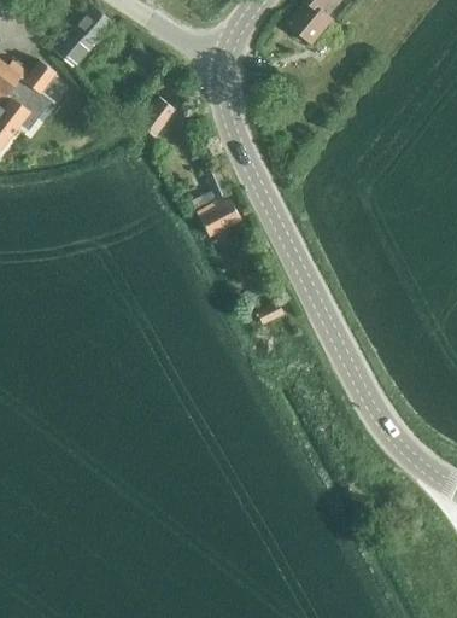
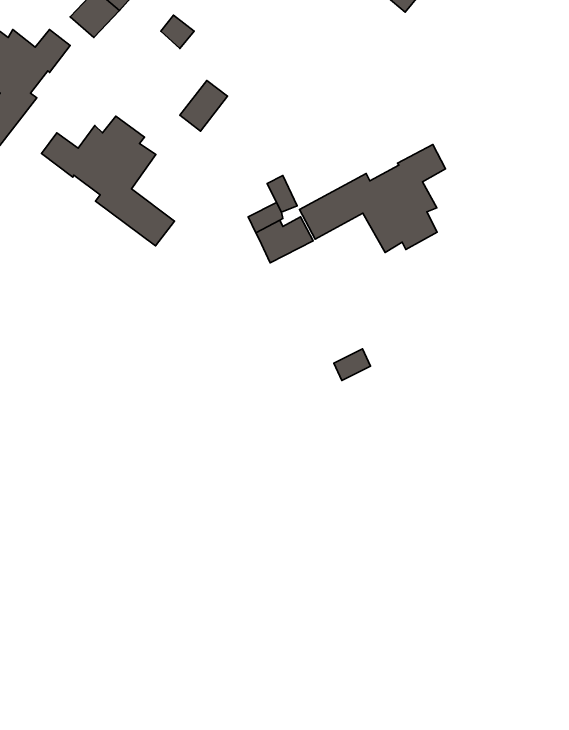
building: none -> [42,116,175,246]
building: none -> [300,145,446,252]

